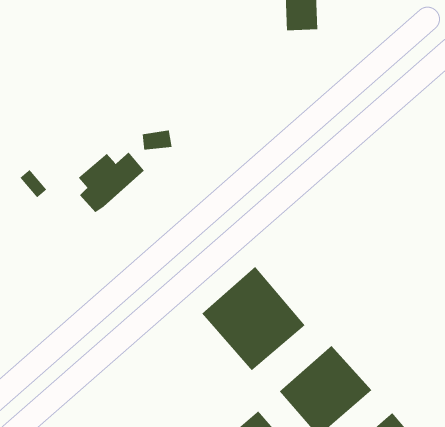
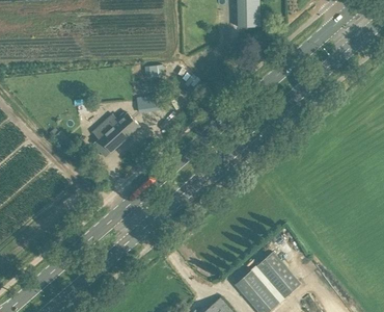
building: [201,266,306,371] -> none

